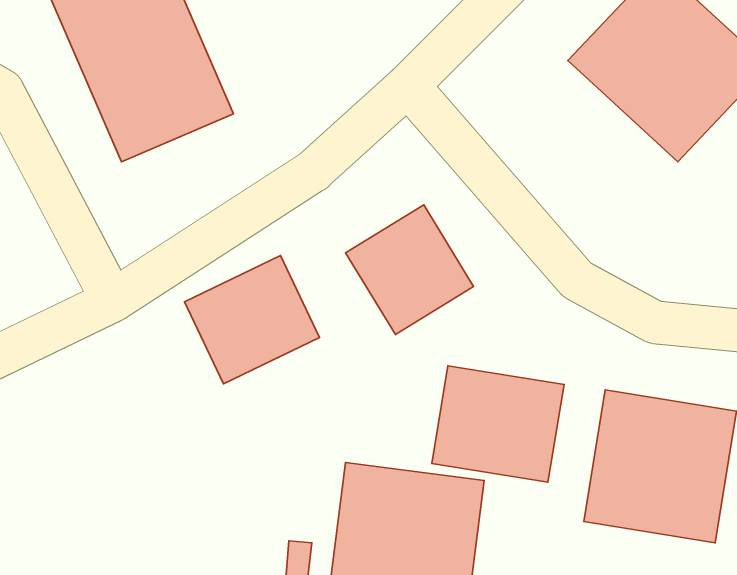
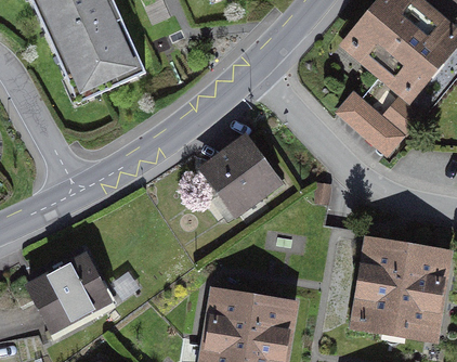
building: none -> [334,81,408,153]
building: [184,256,320,384] -> [28,254,110,332]
building: [432,366,564,482] -> none

